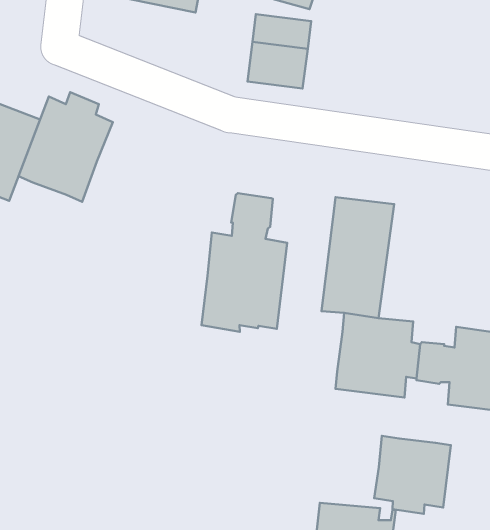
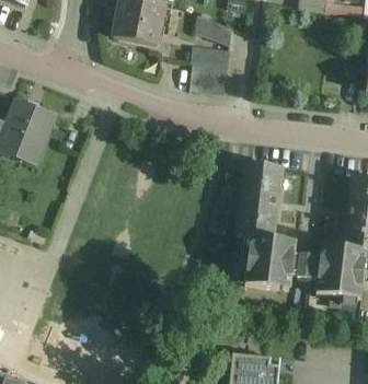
building: [18,92,113,202] -> none
building: [202,193,287,332] -> none
building: [374,436,451,514] -> none

